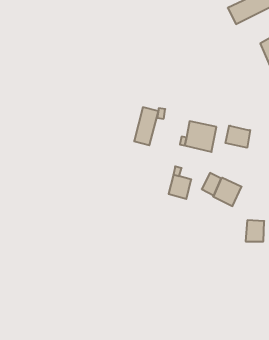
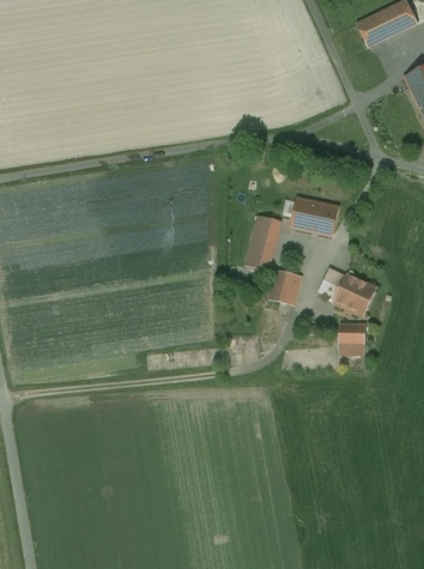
building: [134,107,158,145] -> [246,213,281,270]
building: [225,126,250,148] -> none
building: [246,220,264,241] -> [338,322,365,353]

